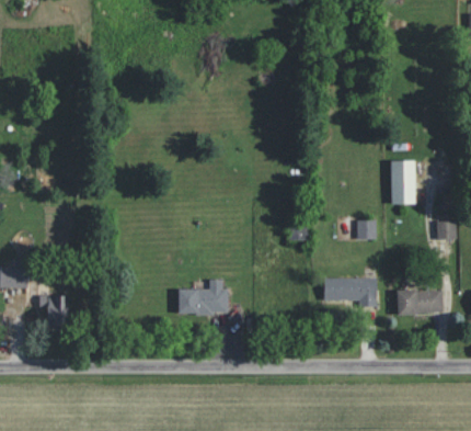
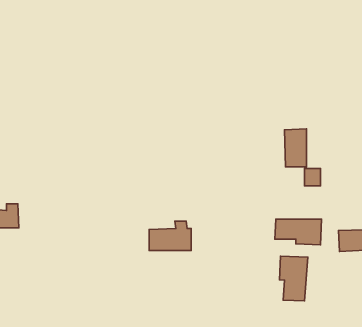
building: [391,160,416,204] -> [284,129,306,167]
building: [41,294,70,327] -> none
building: none -> [280,256,308,301]

